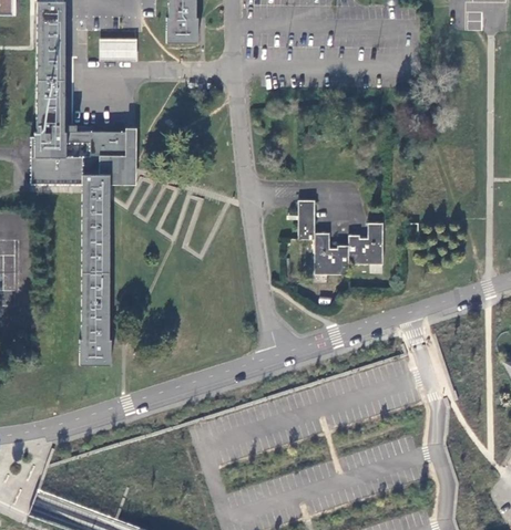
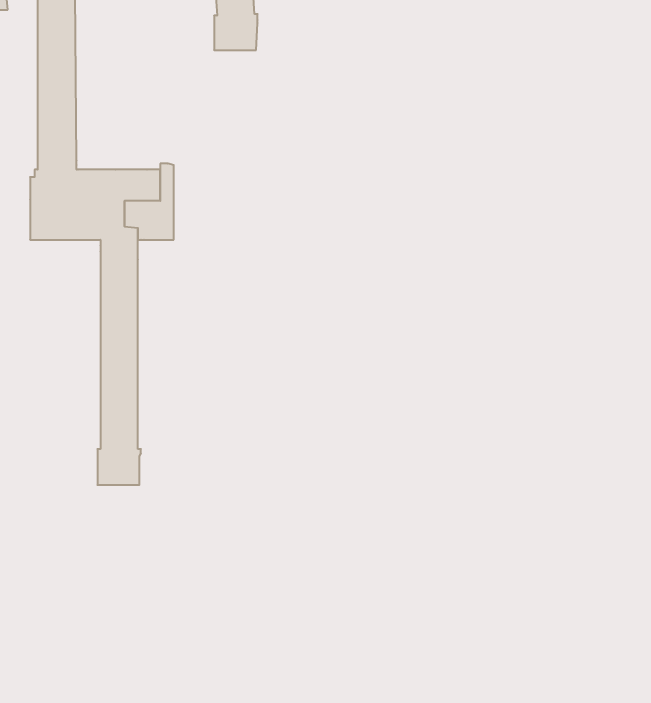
building: [100,38,137,60] -> none
building: [297,199,382,273] -> none

